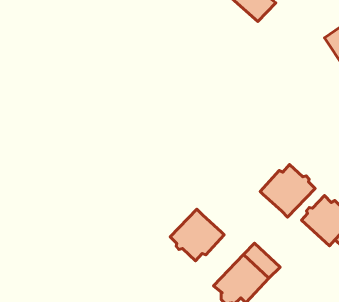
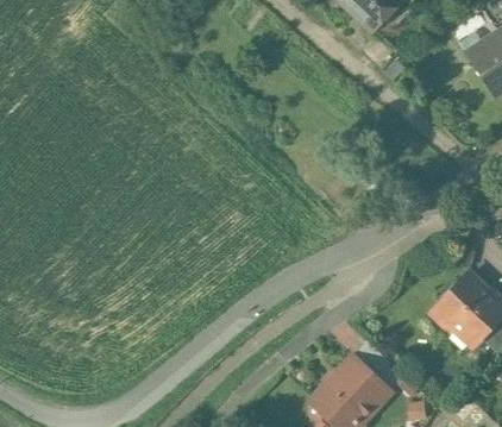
building: [260,165,315,217] -> none
building: [170,209,224,261] -> none

